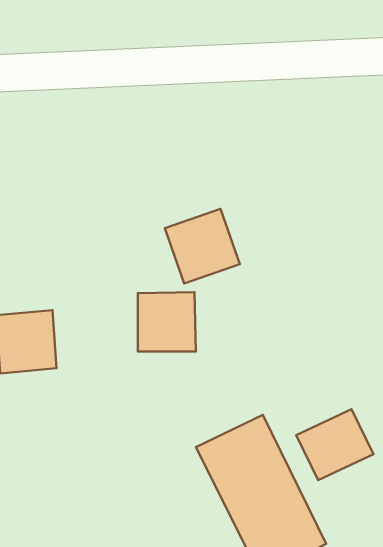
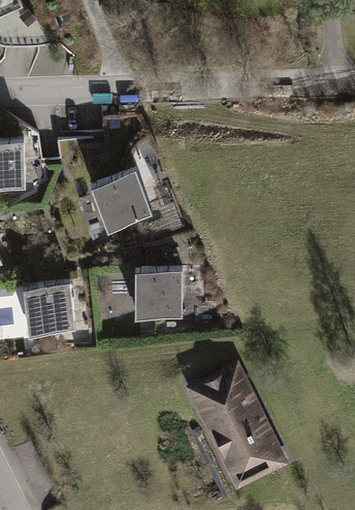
building: [165,209,240,284] -> [91,170,151,230]
building: [296,409,374,480] -> none

